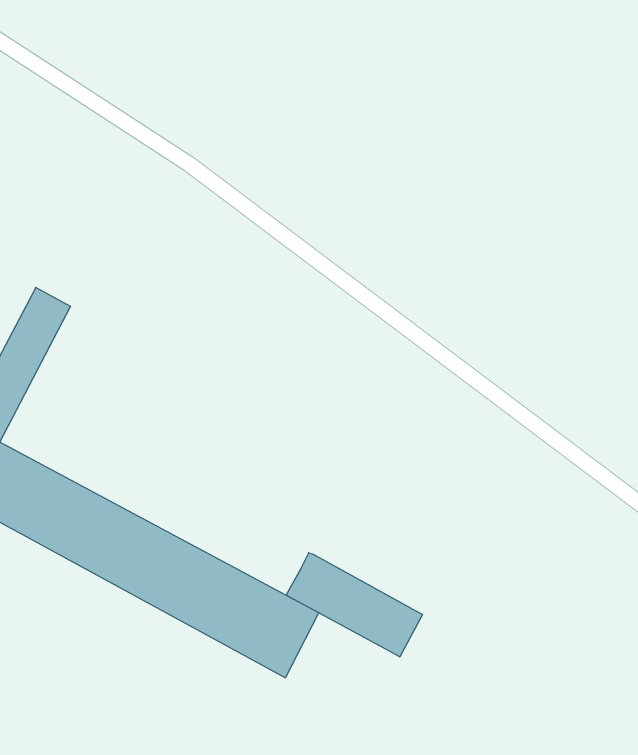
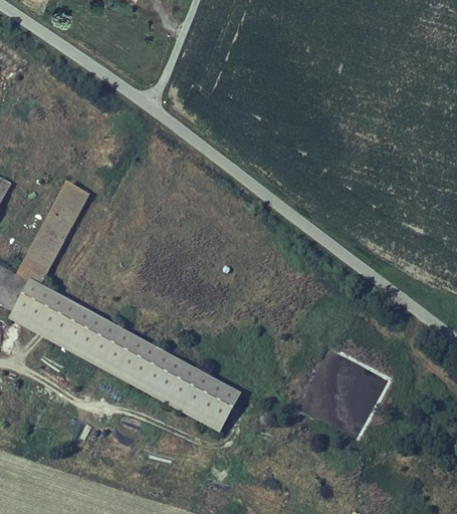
building: [286,553,422,657] -> none

